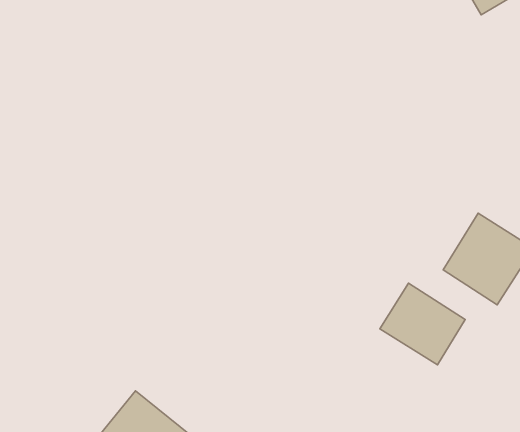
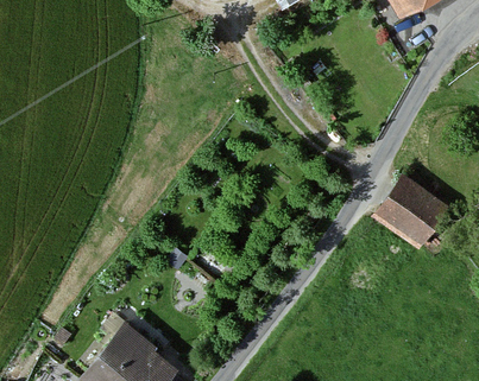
building: [380,283,465,365] -> none

